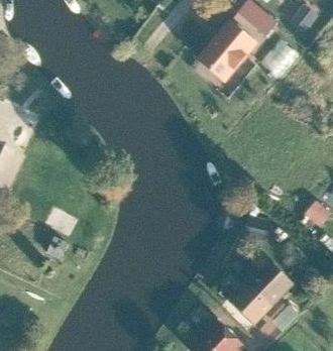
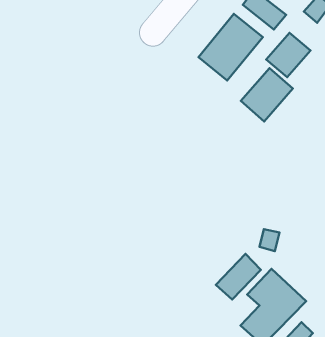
building: none -> [241,68,293,121]
building: none -> [216,254,261,300]

